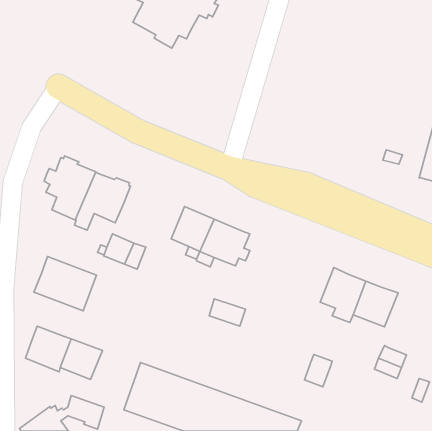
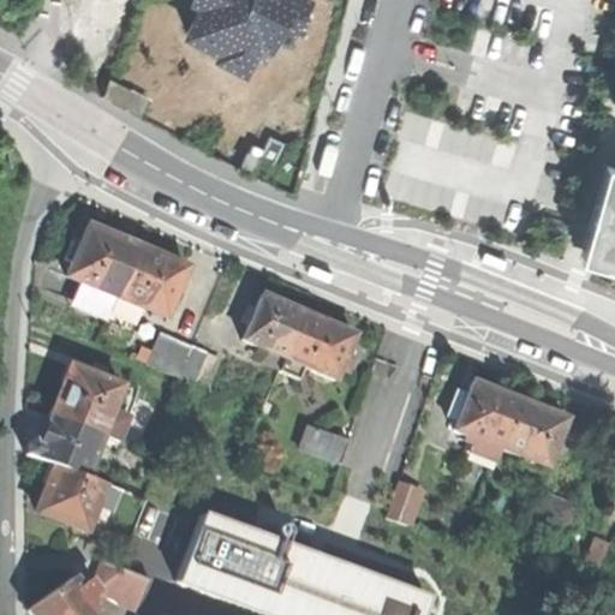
building: none -> [24,414,107,477]
building: [304,355,332,387] -> [386,480,425,526]

